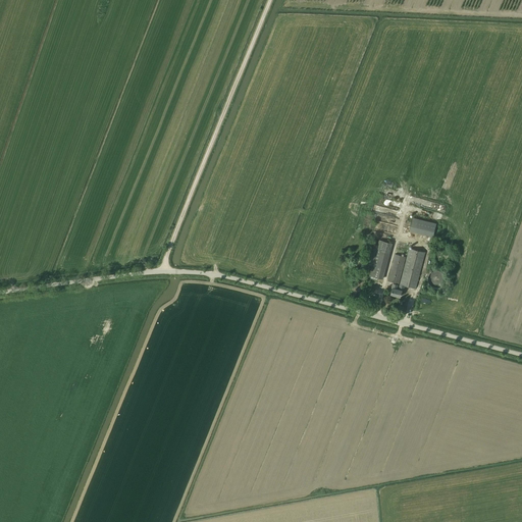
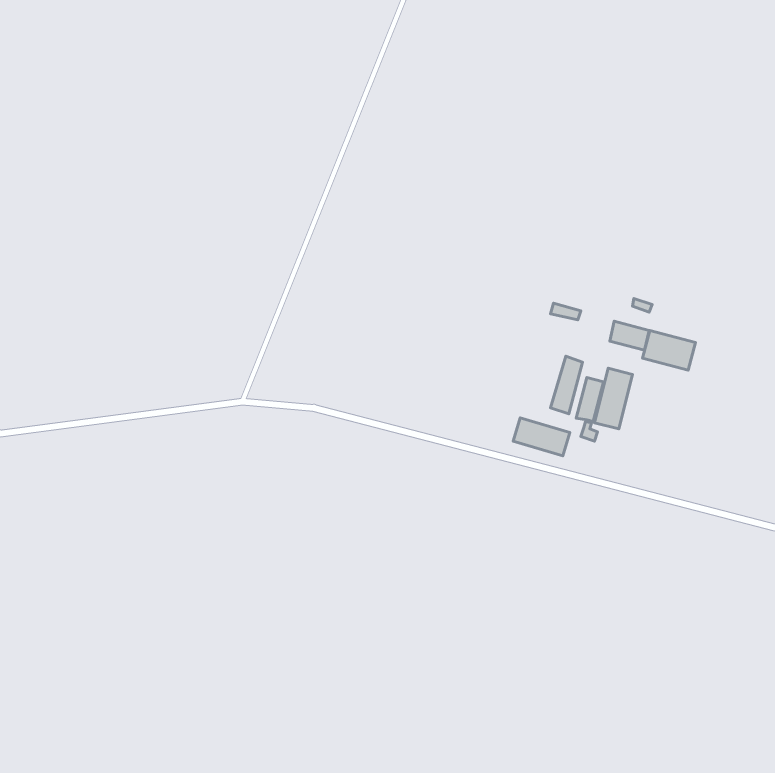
building: none -> [642,331,695,370]
building: none -> [513,418,570,456]

